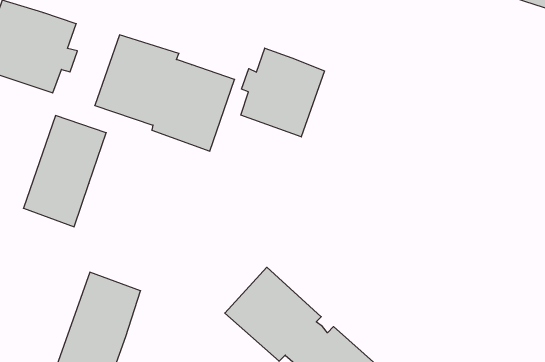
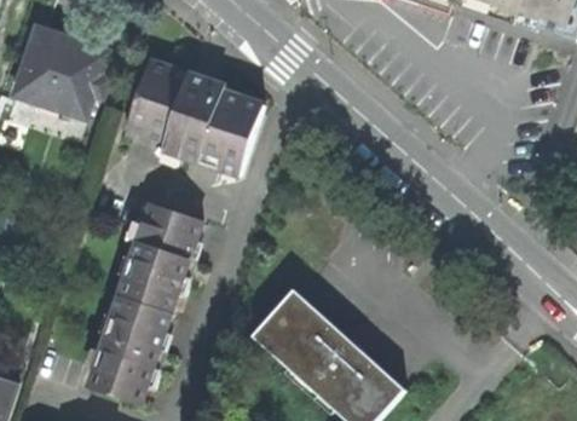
building: [241,48,324,137] -> none
building: [23,116,106,227] -> [121,203,202,312]

